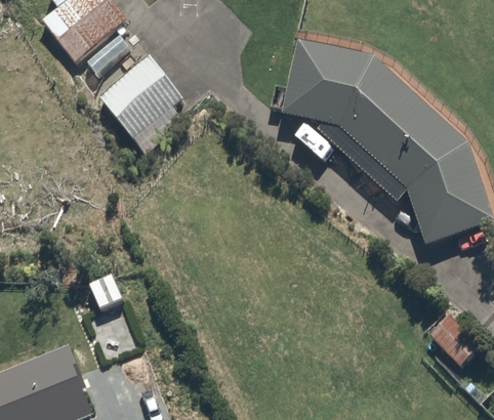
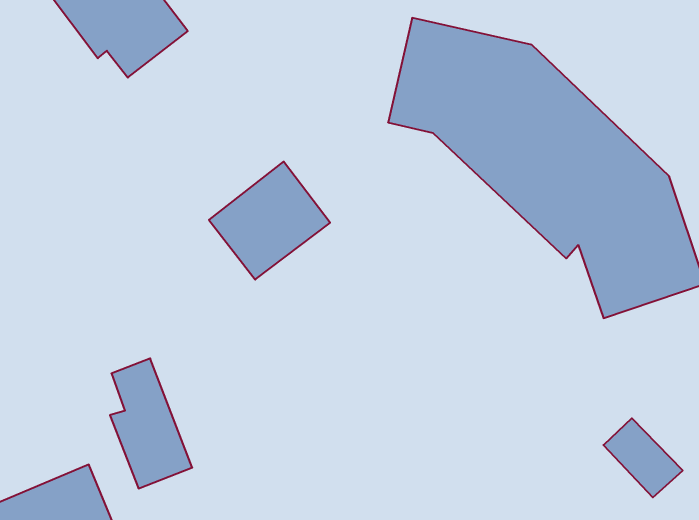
building: [100,55,183,136] -> [209,162,330,280]

